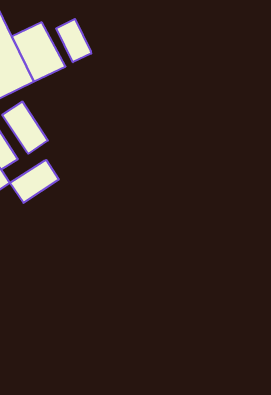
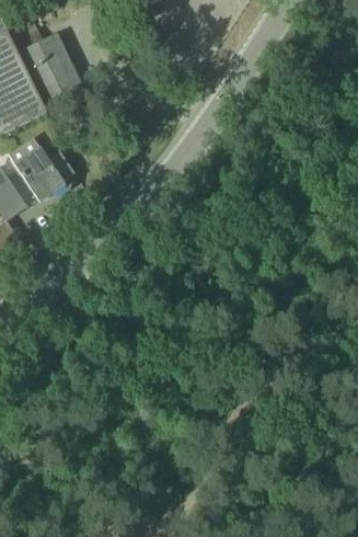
building: [56,19,91,62] -> none
building: [10,160,59,203] -> none

